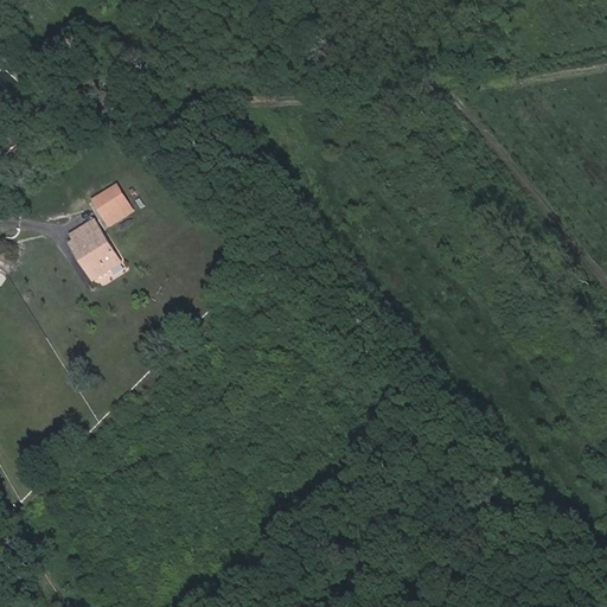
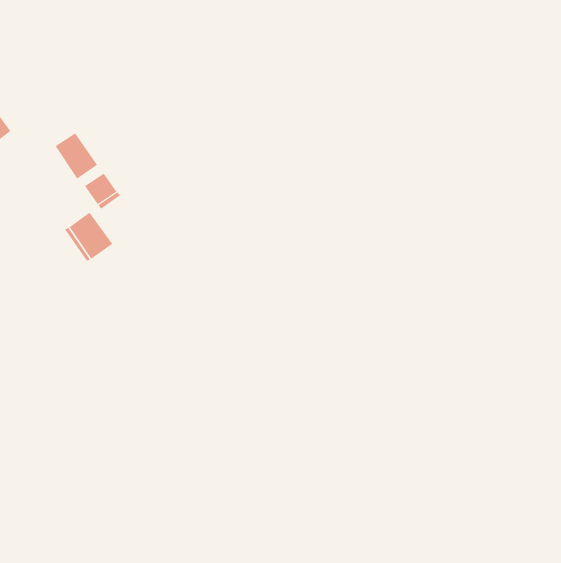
building: none -> [55,133,98,179]

